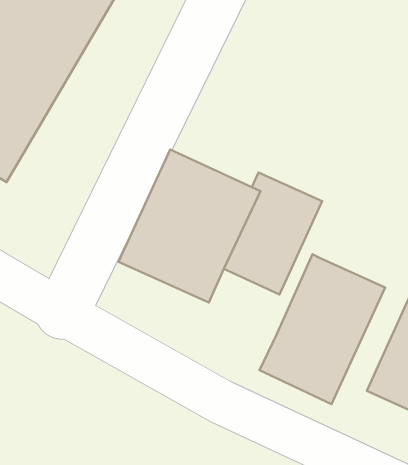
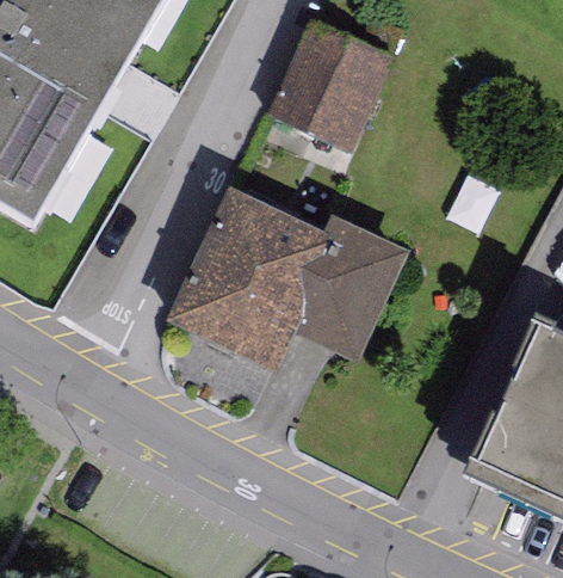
building: none -> [267,16,394,148]
building: [260,254,385,404] -> none

